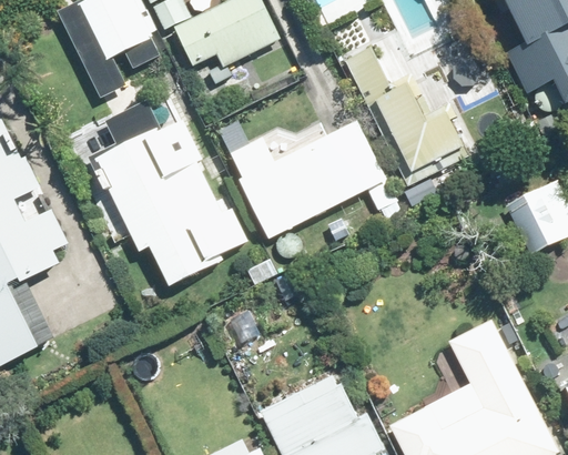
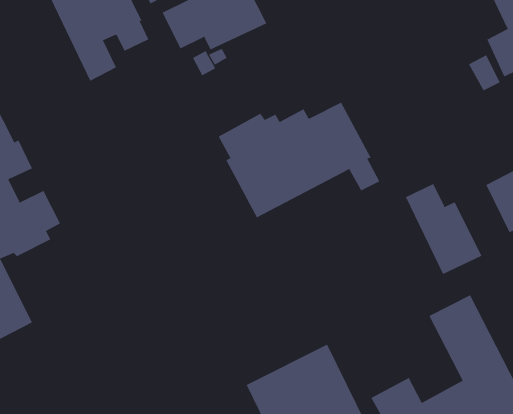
building: [346,48,471,186] -> none
building: [92,102,247,286] -> none
building: none -> [405,183,482,275]

